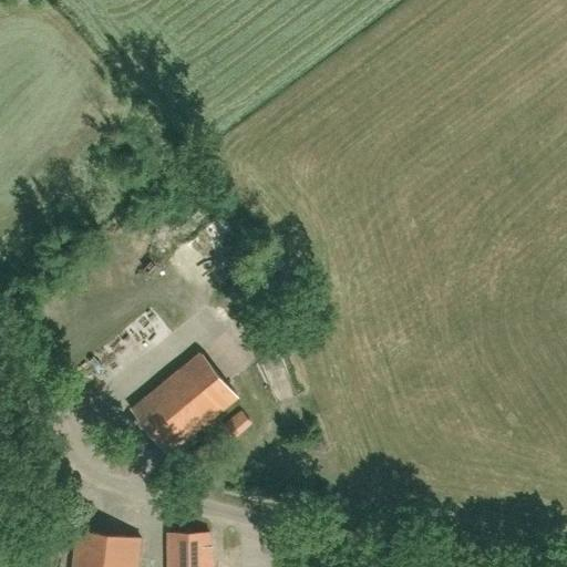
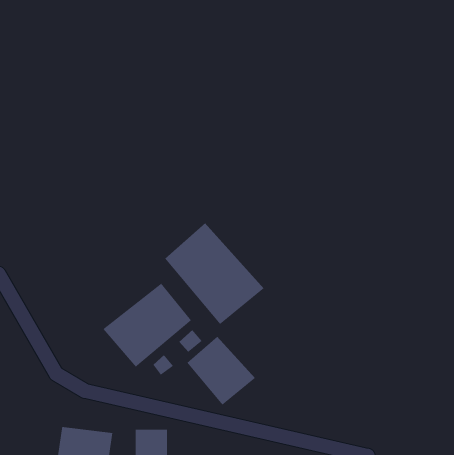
building: none -> [164,223,264,325]
building: none -> [186,336,256,406]

